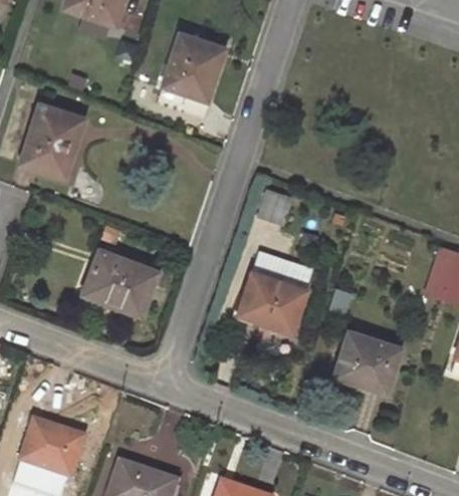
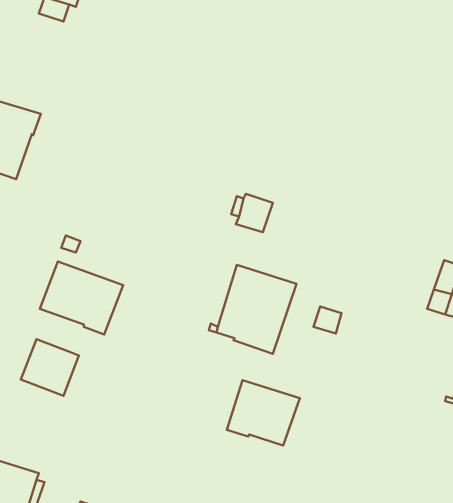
building: [158,33,223,115] -> none
building: none -> [21,339,79,396]
building: [334,331,400,390] -> [227,380,300,446]

